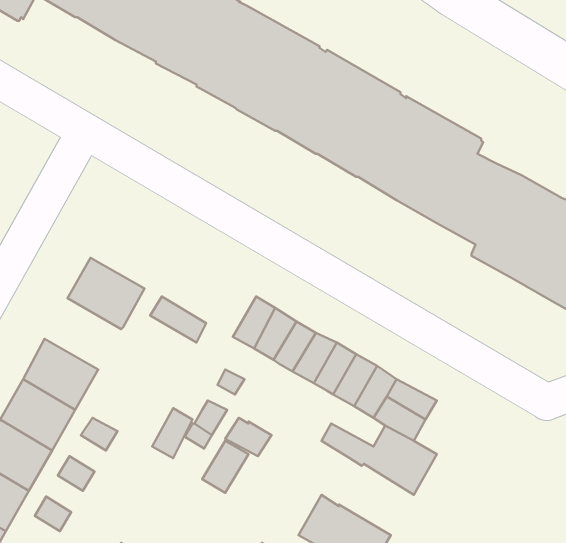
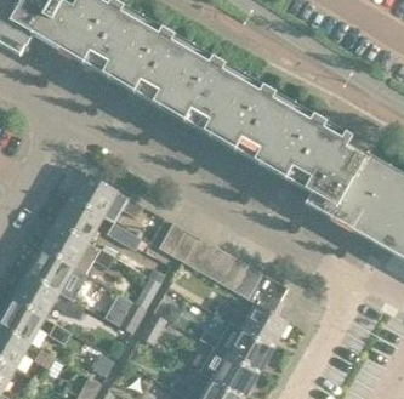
building: none -> [69,171,144,218]
building: none -> [40,223,115,274]
building: none -> [200,323,273,372]

